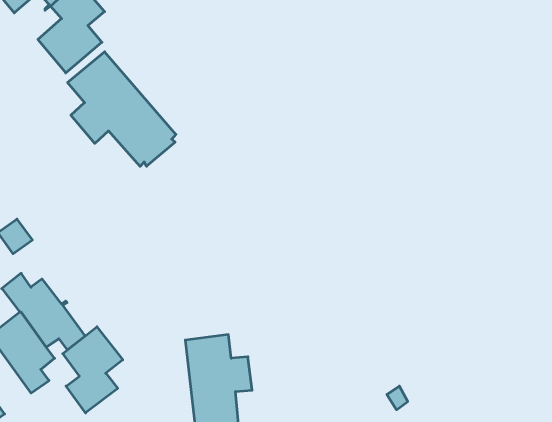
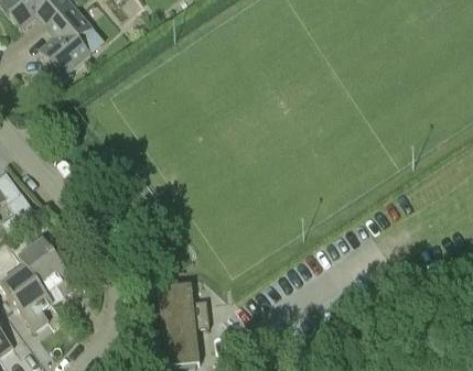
building: [68,52,176,166] -> none
building: [63,327,123,413] -> none

